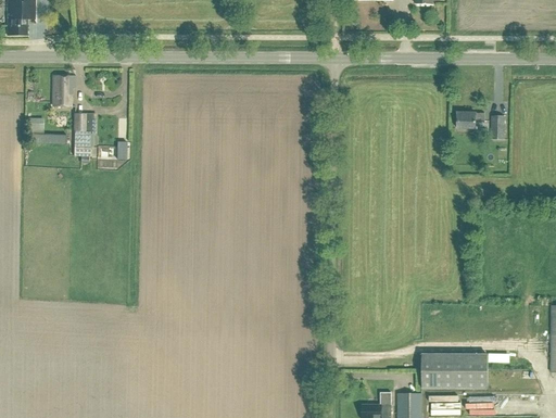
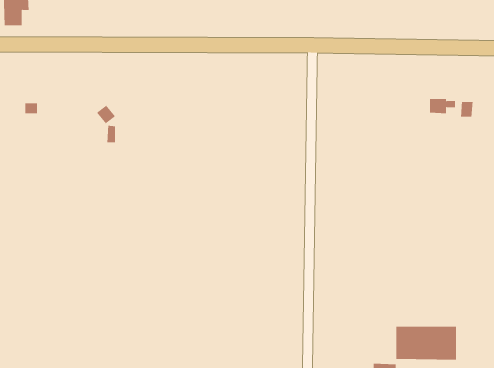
building: [51,75,74,106] -> none
building: [74,113,92,145] -> none

